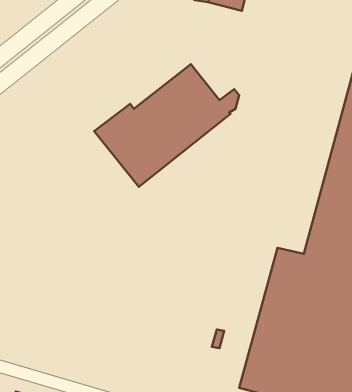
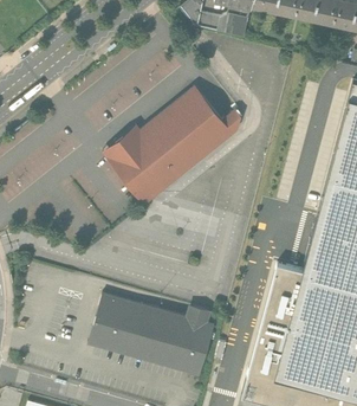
building: none -> [87,295,214,376]

